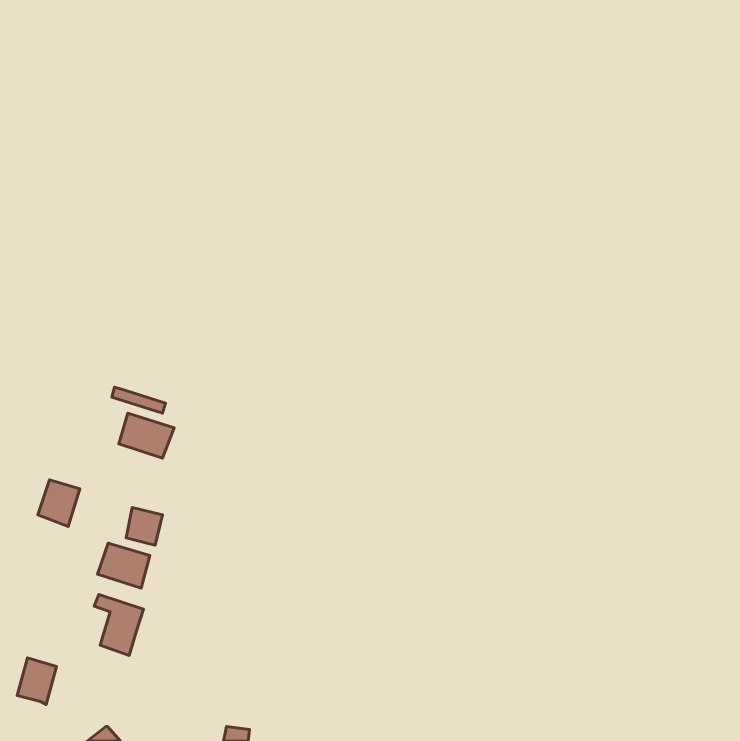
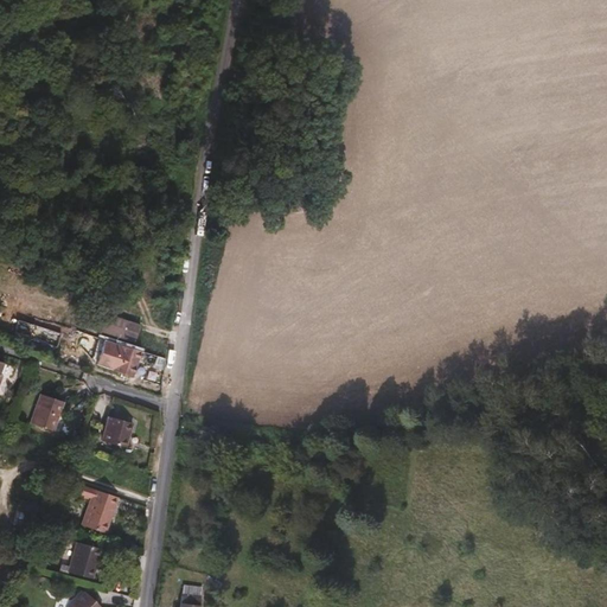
building: [98,543,150,588] -> none
building: [17,658,56,704] -> [68,544,100,582]

